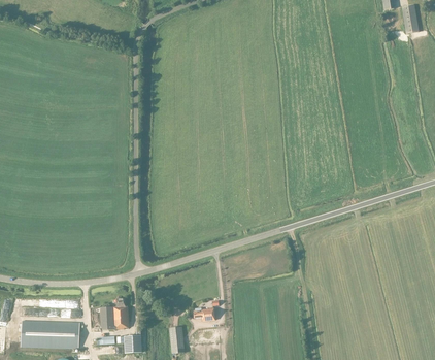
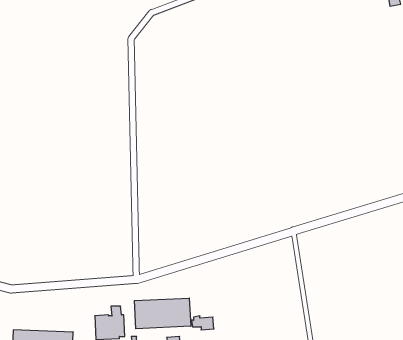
building: none -> [134,298,191,329]

